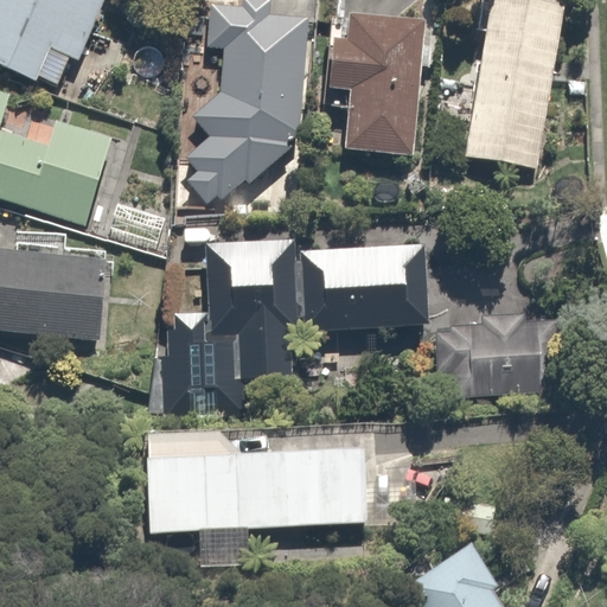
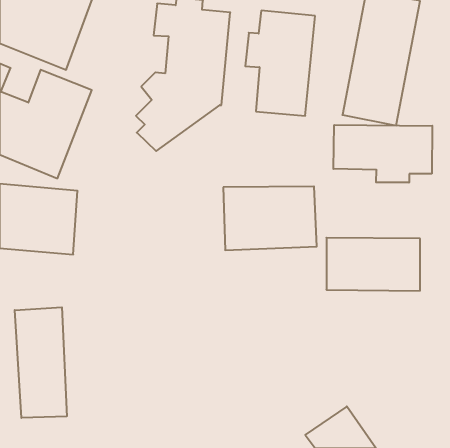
building: none -> [333,125,432,183]
building: [166,244,302,413] -> none
building: none -> [15,307,67,418]
building: [143,428,386,525] -> none

